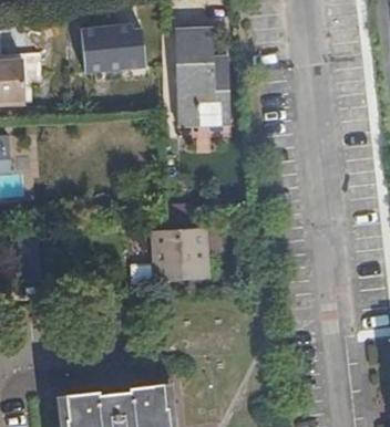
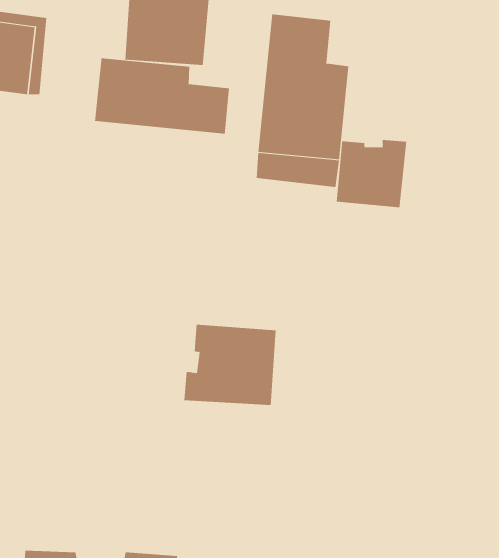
building: none -> [95,57,229,135]
building: none -> [336,139,407,208]

